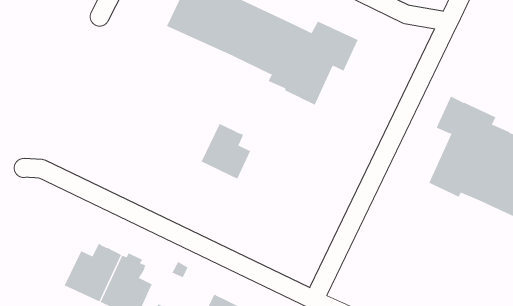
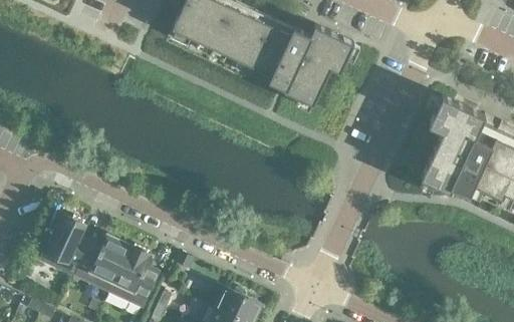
building: [201,123,251,180] -> none
building: none -> [37,214,89,275]

